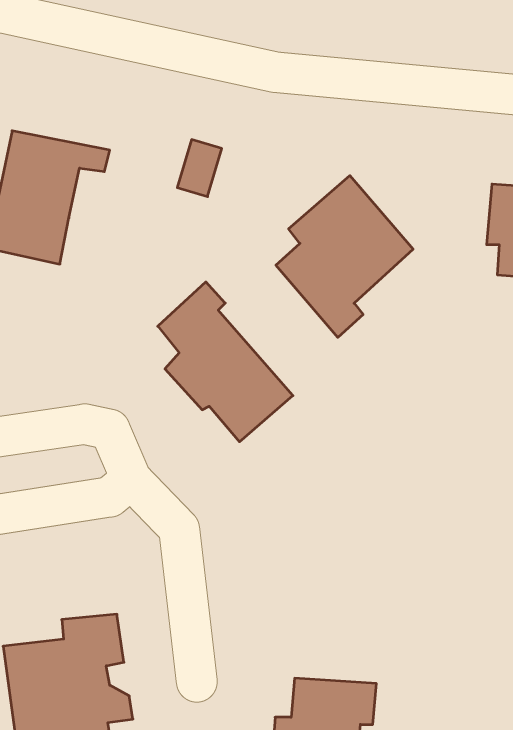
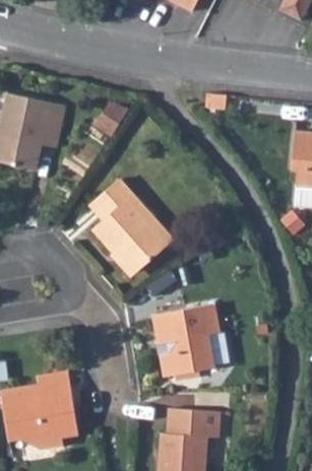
building: [276,176,413,337] -> none
building: none -> [153,305,220,377]

